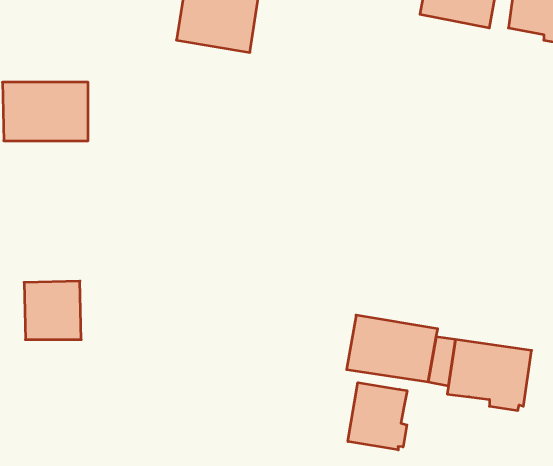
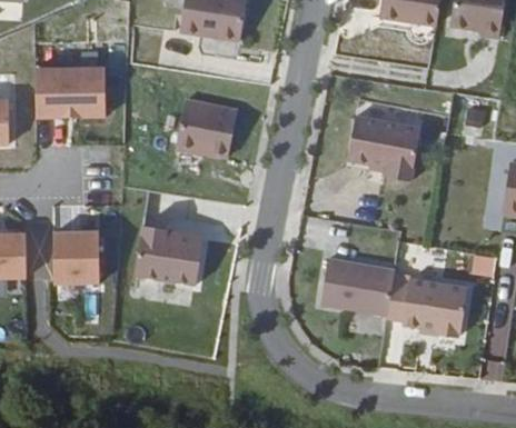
building: none -> [177,102,238,159]
building: none -> [344,109,421,178]
building: none -> [133,221,200,282]
building: [348,383,407,450] -> none

